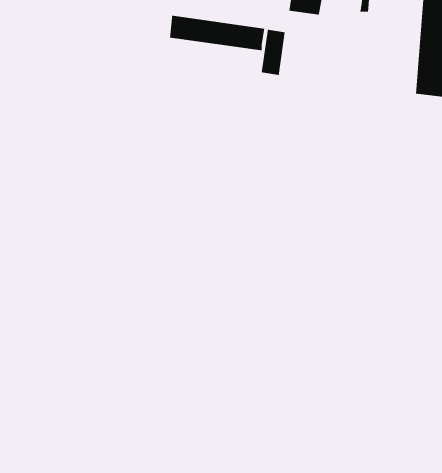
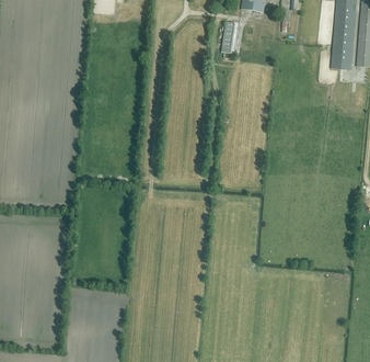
building: [169,15,265,51] -> none

